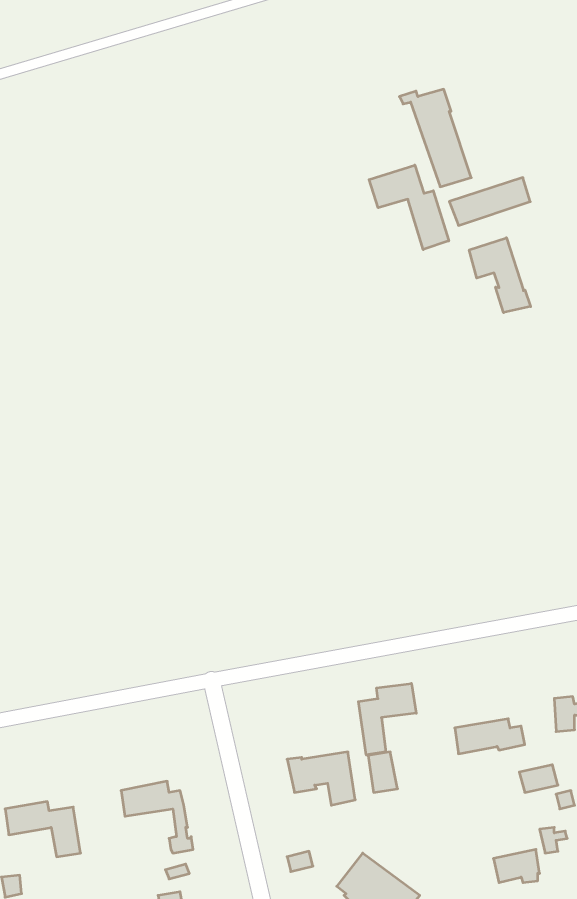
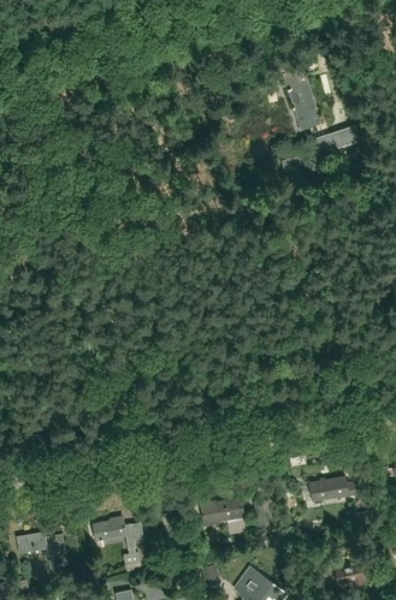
building: [369,165,449,250] -> none
building: [469,238,531,313] -> none
building: [358,683,416,755] -> none

